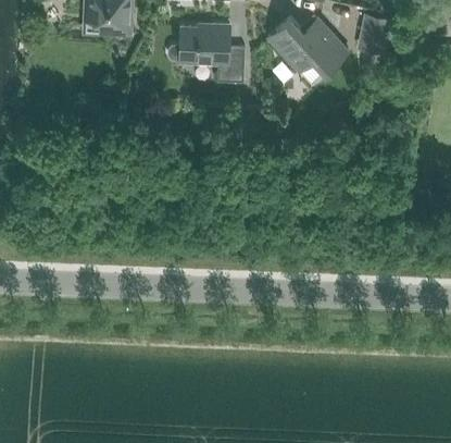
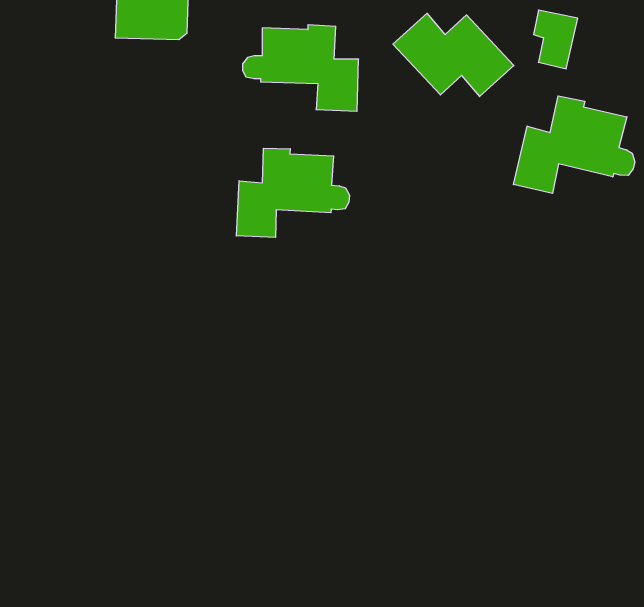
building: none -> [513,96,635,193]
building: none -> [236,148,349,237]

